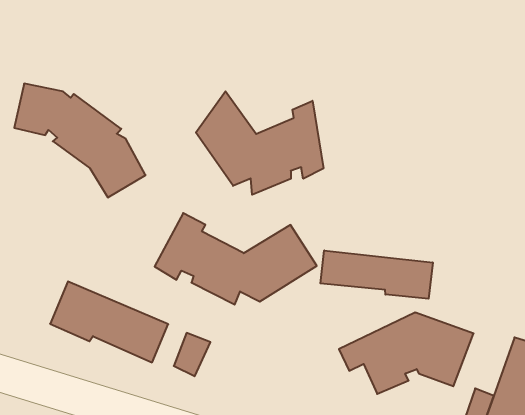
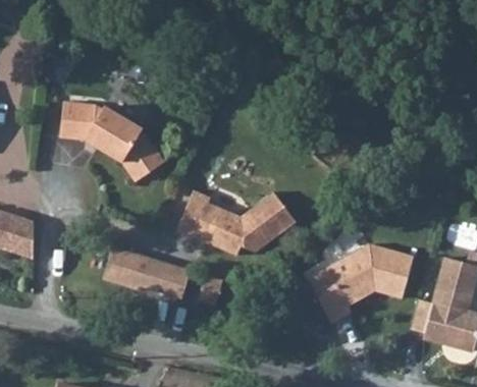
building: [196,91,323,195] -> none
building: [320,250,433,299] -> none

